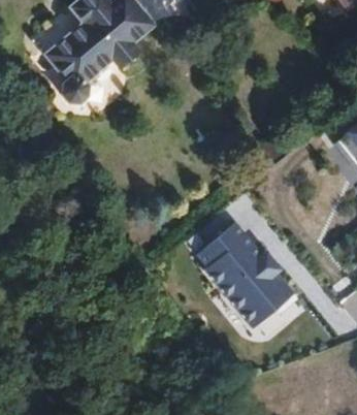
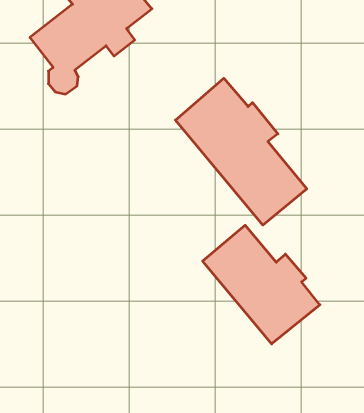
building: none -> [175,78,307,225]

